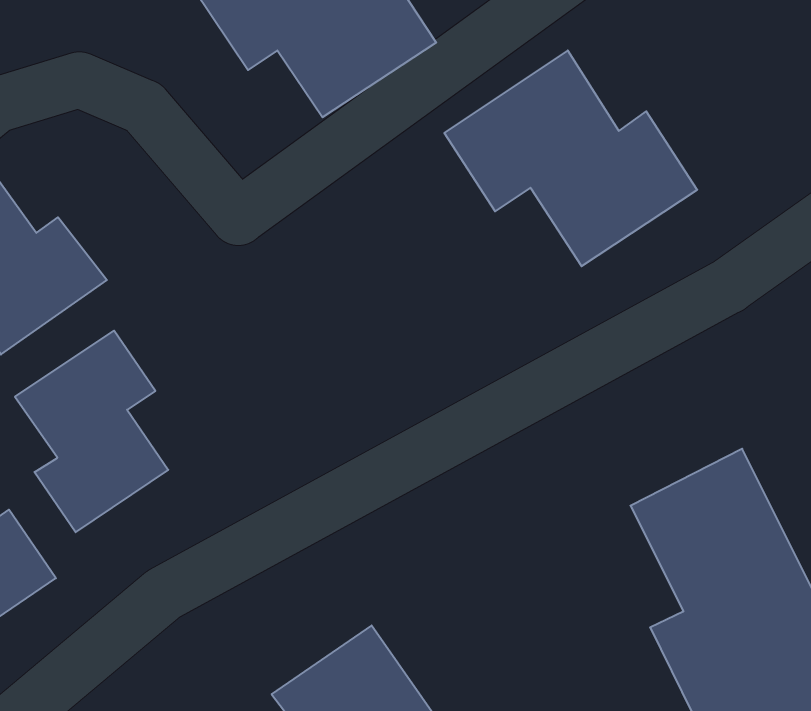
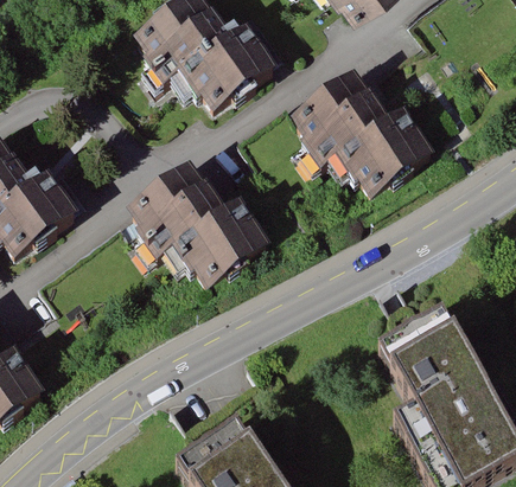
building: none -> [115,164,265,289]
building: [15,331,168,532] -> none

